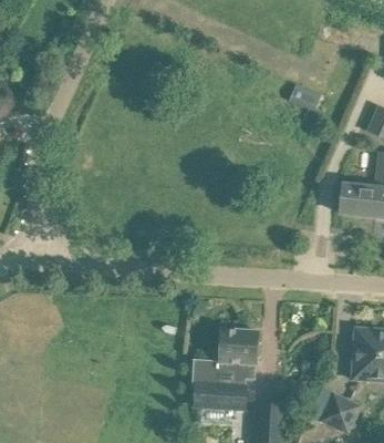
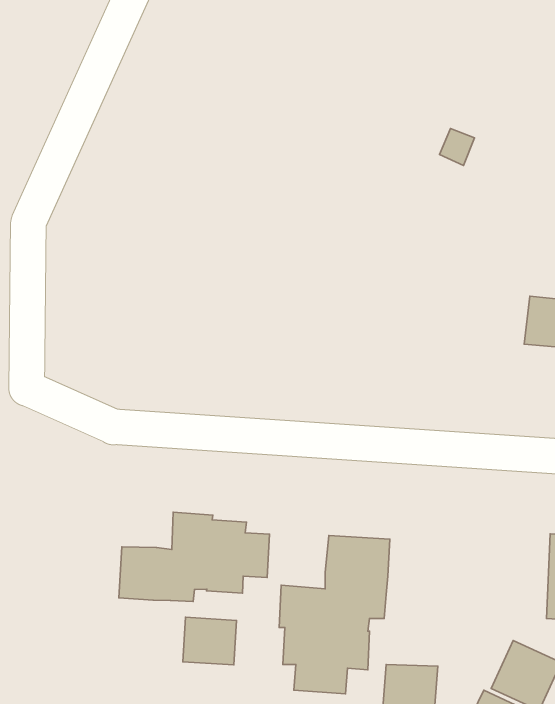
building: none -> [119,512,269,602]
building: none -> [183,617,237,665]

